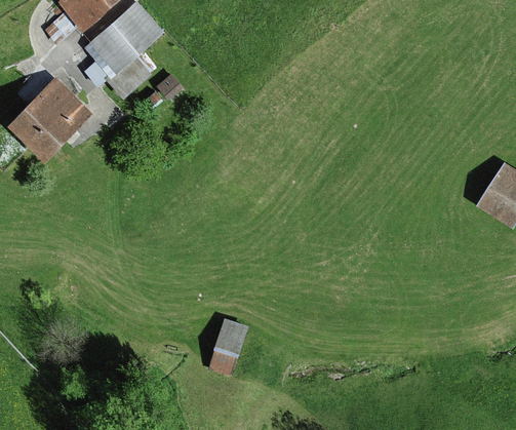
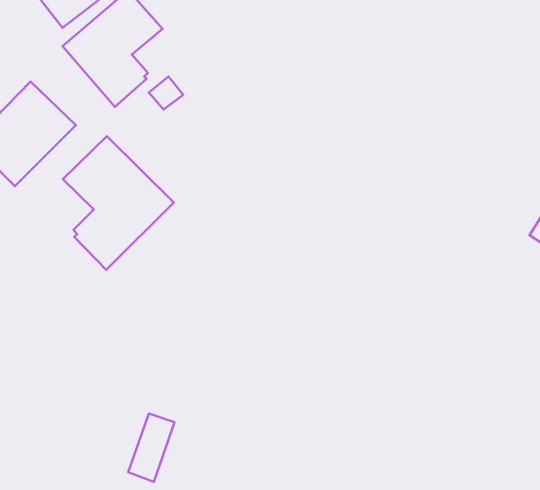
building: none -> [63,136,174,270]
building: [208,318,247,376] -> [128,414,175,482]

